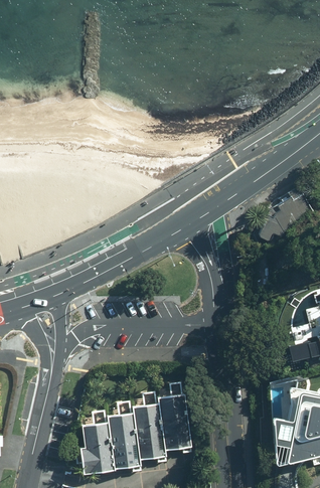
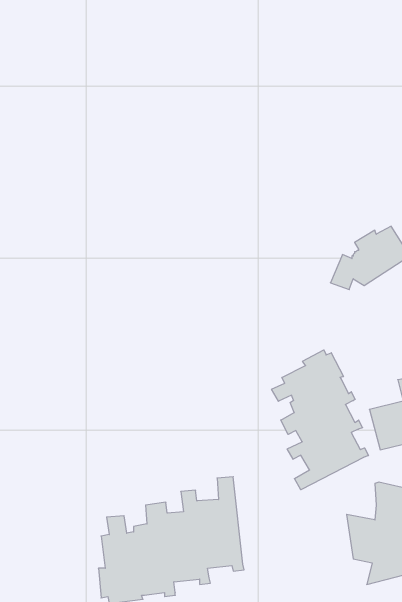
building: none -> [272,350,368,490]

